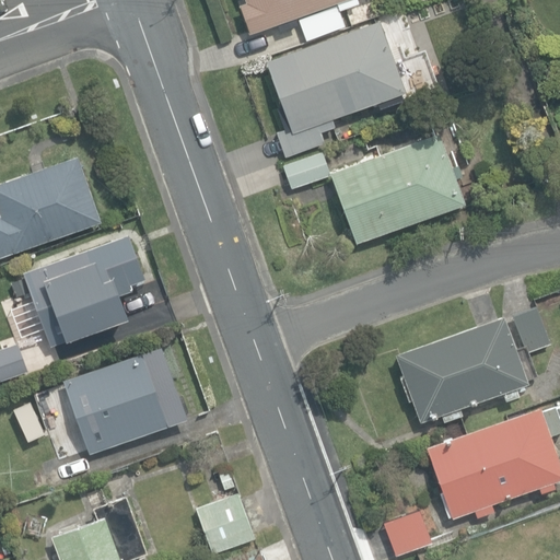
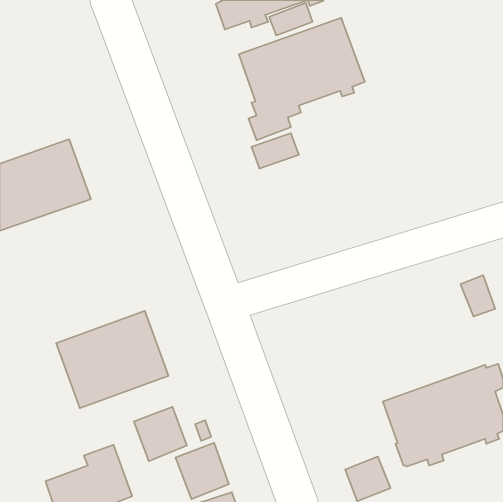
building: [337,138,471,248] -> none
building: [22,232,145,348] -> none
building: [394,316,527,423] -> none
building: none -> [134,407,187,461]

